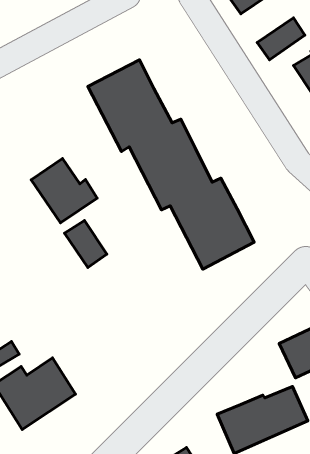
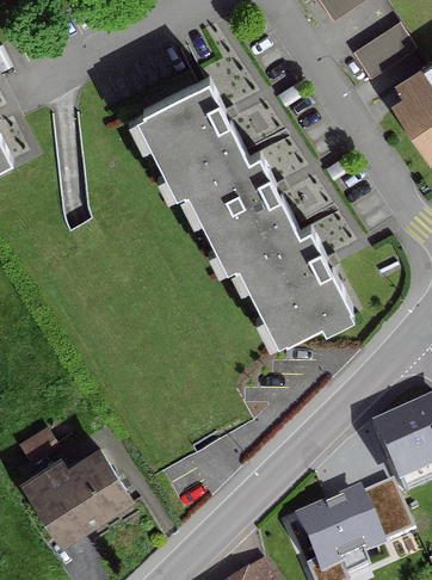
building: [31,159,97,223] -> none
building: [65,220,107,267] -> none

